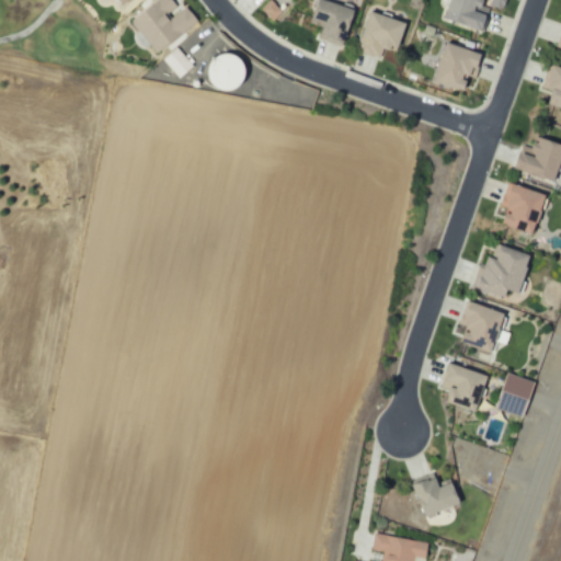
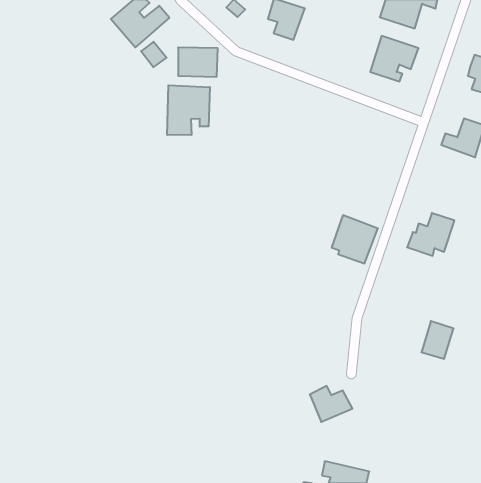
building: [358,13,405,58] -> none
building: none -> [167,85,210,135]
building: [502,184,546,232] -> none
building: [454,297,507,353] -> [332,215,378,263]
building: [439,360,490,412] -> none
building: [414,476,463,517] -> [310,386,352,422]

